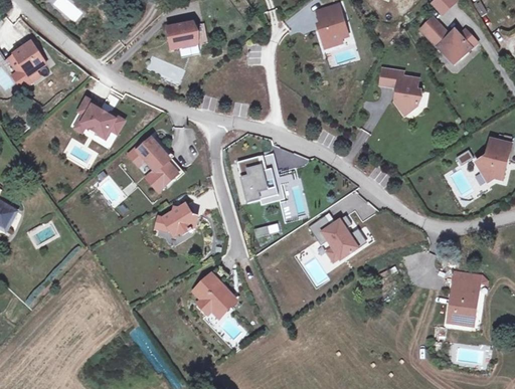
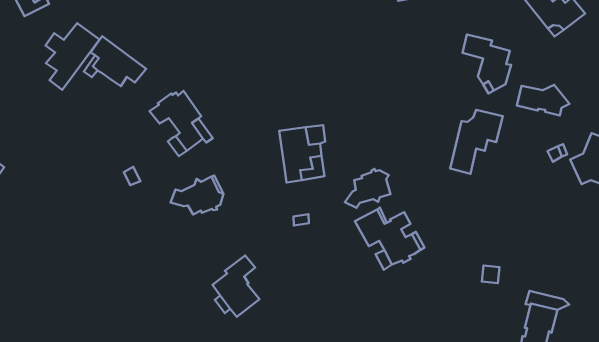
building: none -> [45,23,100,90]
building: none -> [517,85,569,115]
building: none -> [450,110,503,174]
building: none -> [345,169,390,208]

